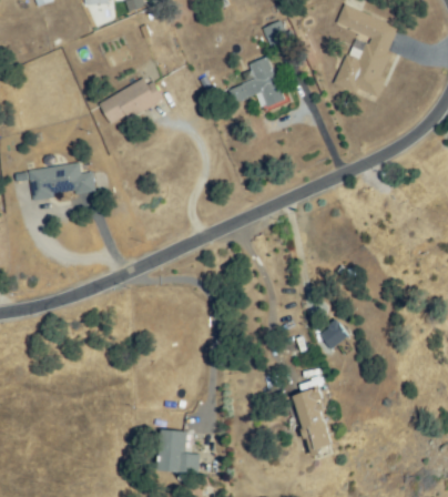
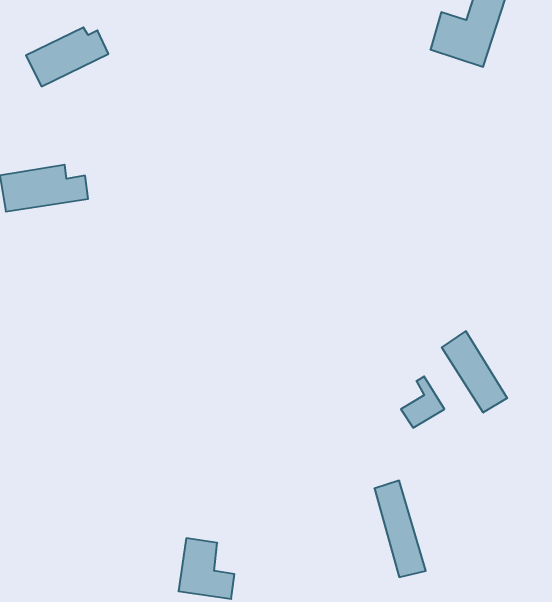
building: [231,55,284,106] -> none
building: [101,80,160,122] -> [26,27,108,86]
building: none -> [442,331,507,413]

